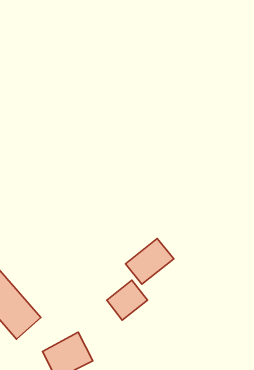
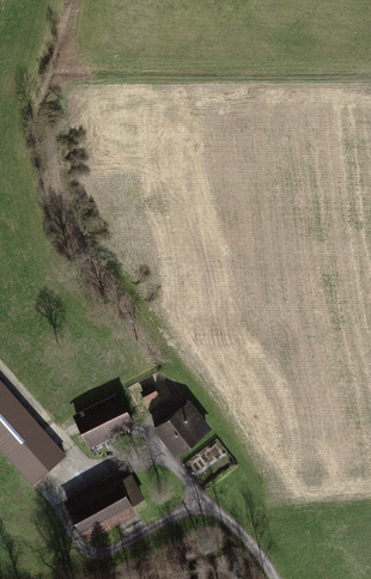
building: [125,238,174,284] -> none
building: none -> [74,394,135,447]

